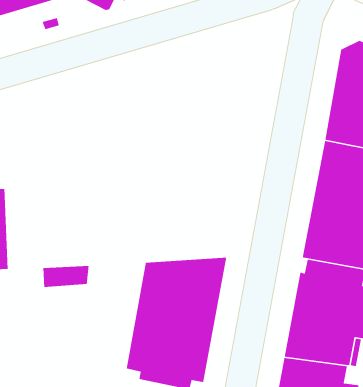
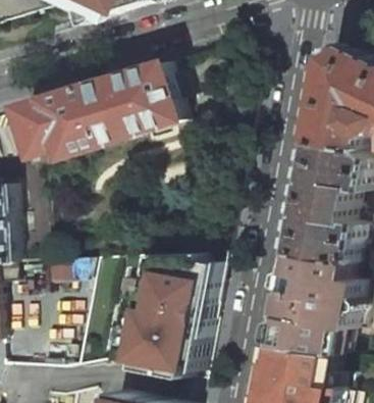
building: none -> [14,63,180,160]

